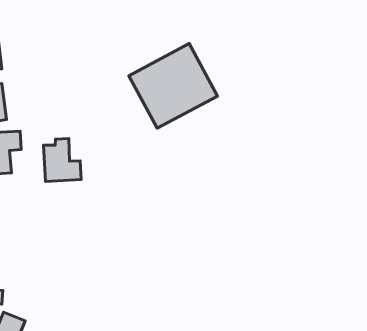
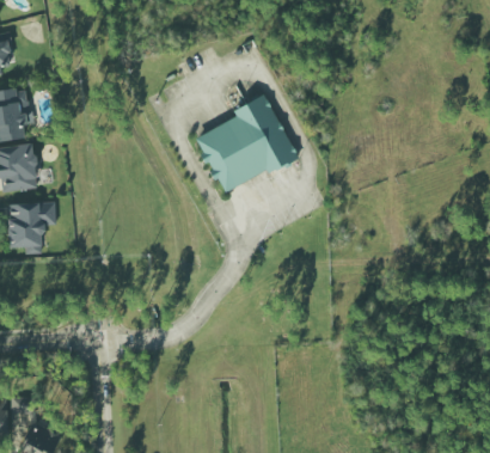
building: [44,139,81,181] -> none

